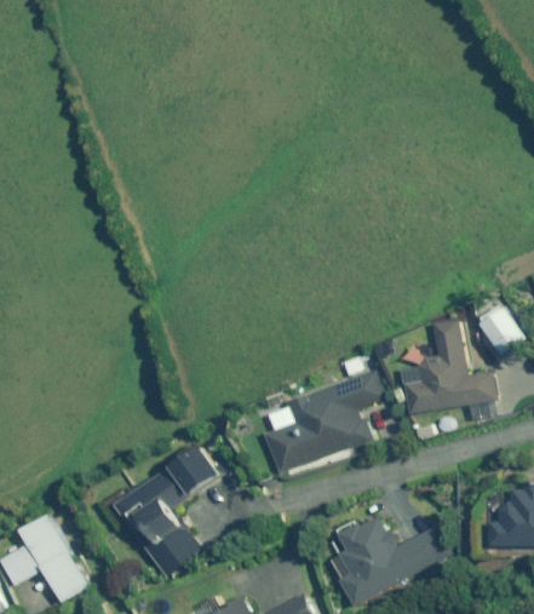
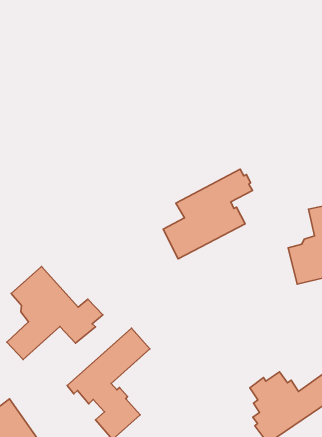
building: none -> [7,267,103,359]
building: [269,372,384,474] -> [163,169,252,259]

